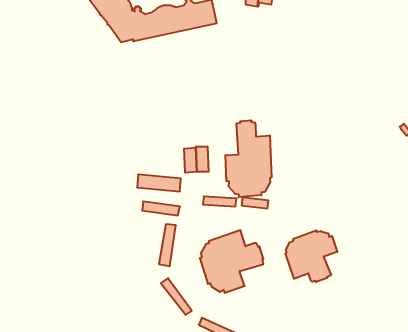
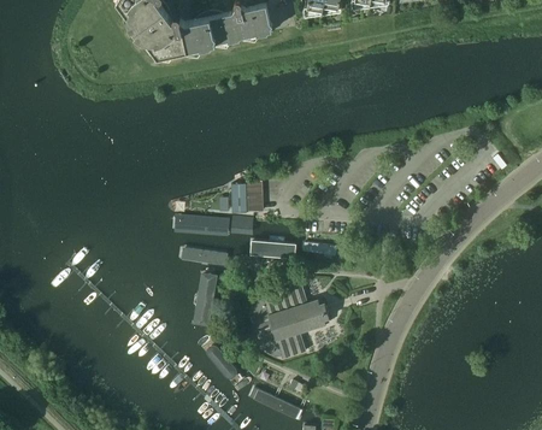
building: [225,120,272,197] -> none
building: [285,230,337,282] -> none

